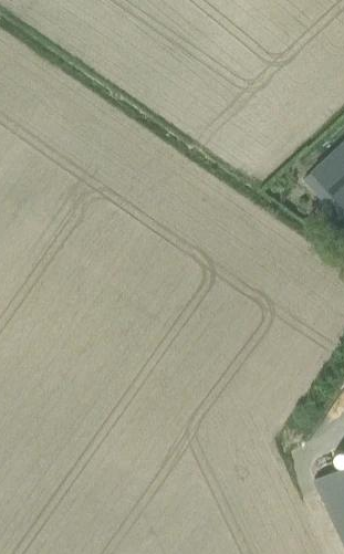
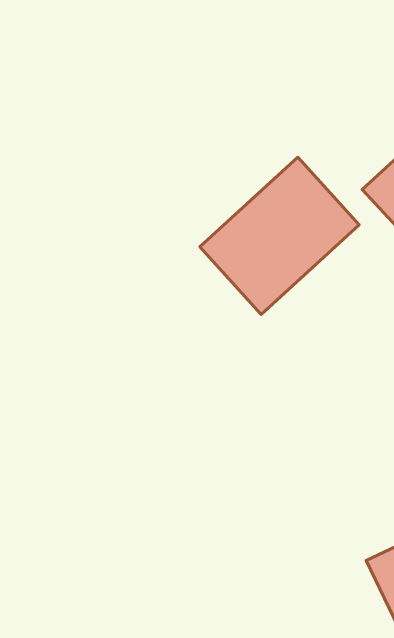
building: none -> [200,157,359,315]

